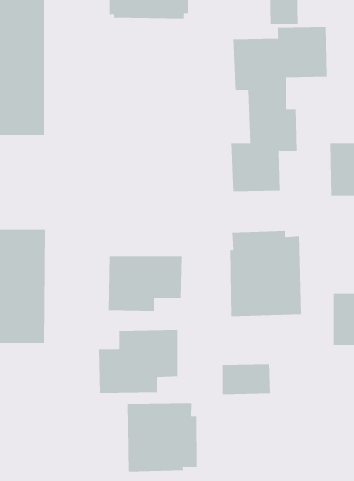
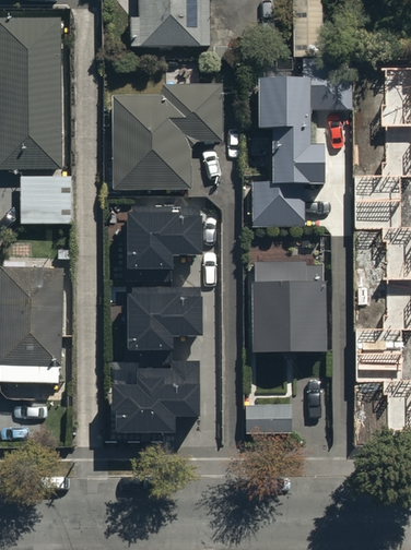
building: none -> [114,83,221,186]
building: none -> [20,174,71,223]
building: none -> [127,212,201,276]
building: [127,402,197,472] -> none

